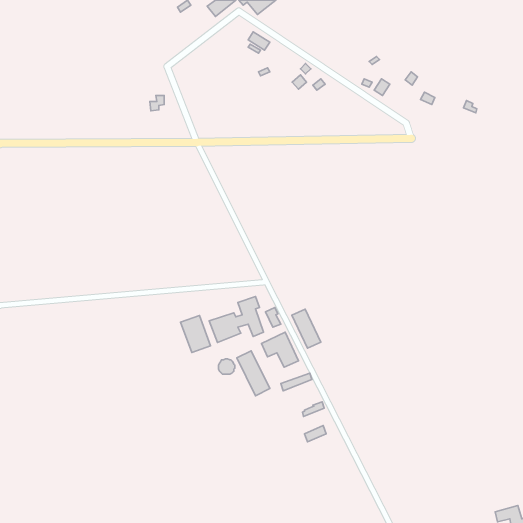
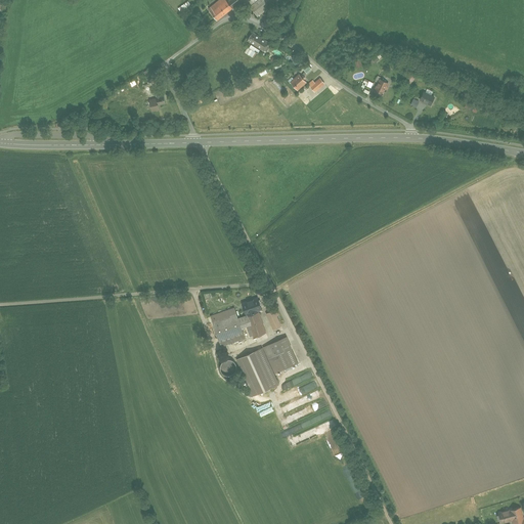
building: [292,309,321,348] -> none
building: [181,315,211,352] -> none

